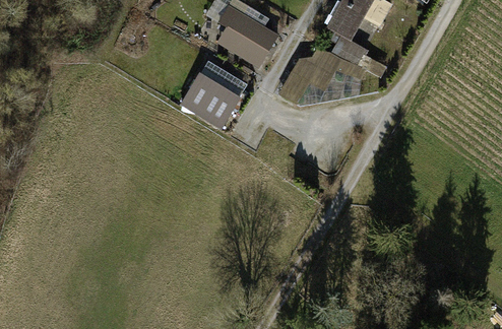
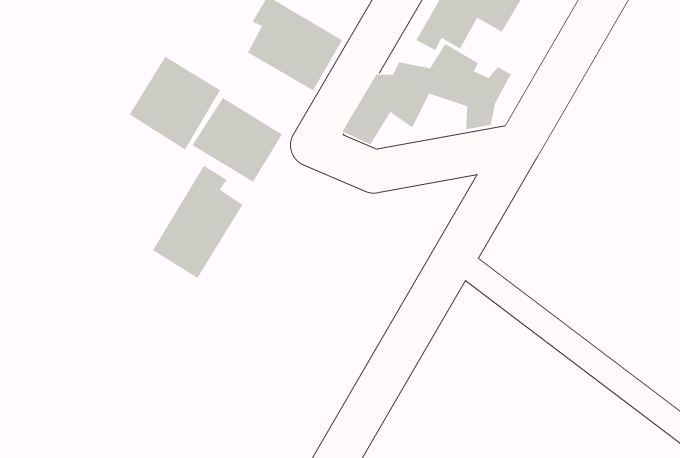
building: none -> [129,56,221,150]
building: none -> [152,165,243,279]

